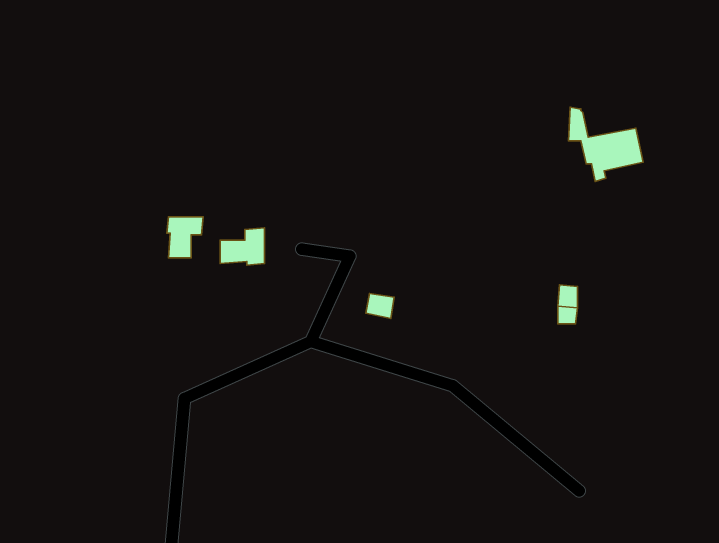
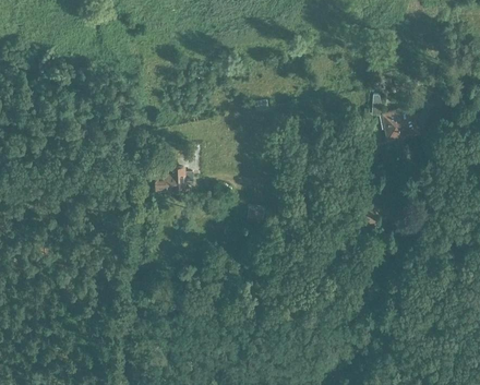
building: [167,217,203,258] -> none

